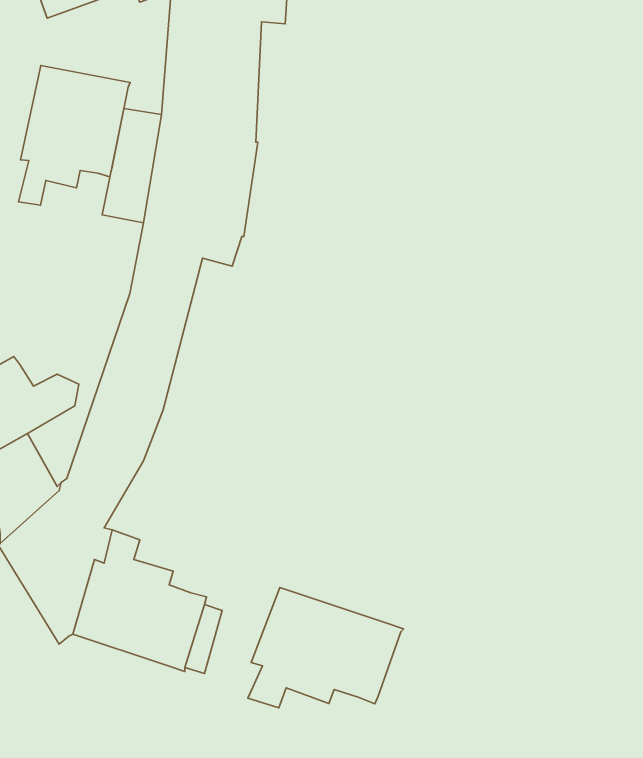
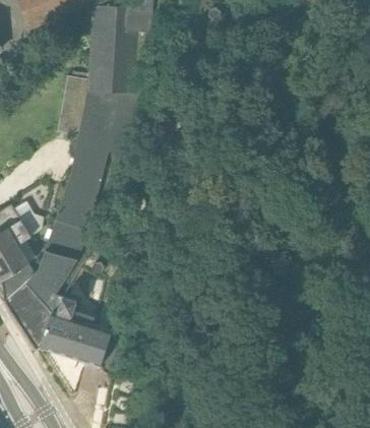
building: [18,66,130,205] -> none
building: [248,587,403,708] -> none

